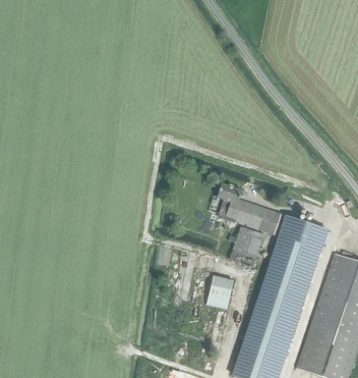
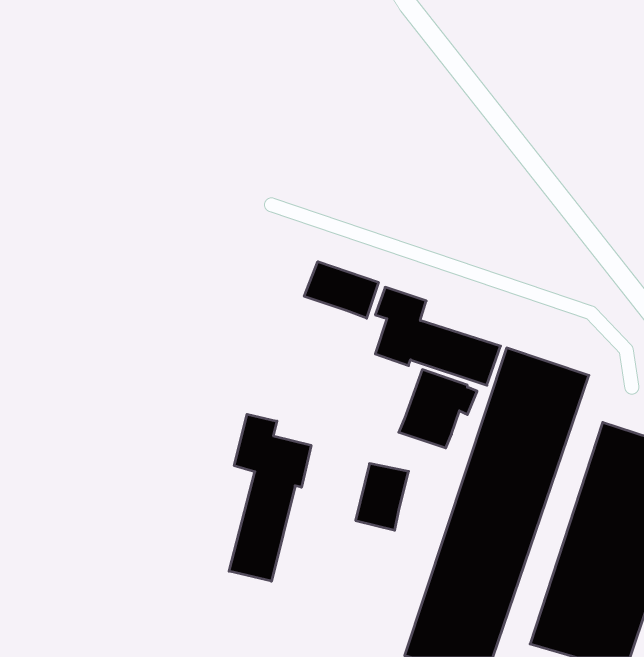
building: none -> [304,262,378,318]
building: none -> [229,414,311,581]

